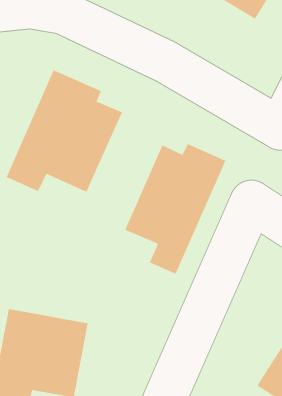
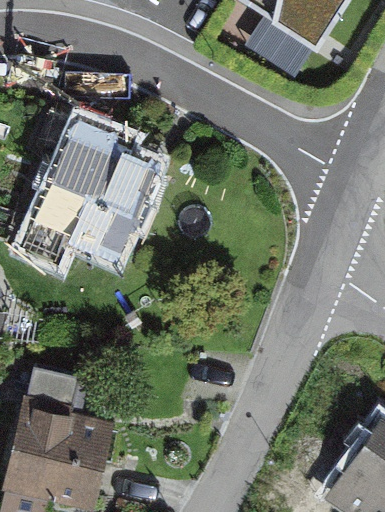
building: [125,143,226,274] -> none

